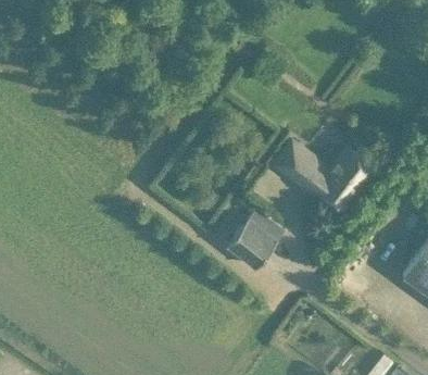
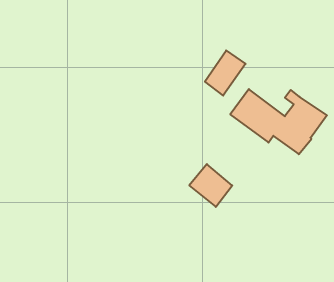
building: none -> [205,50,246,96]

